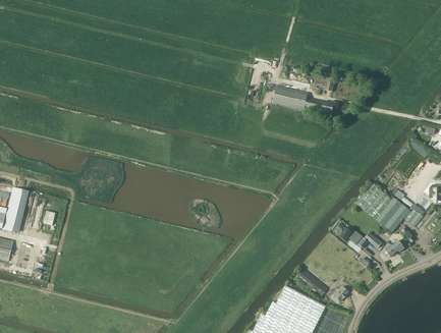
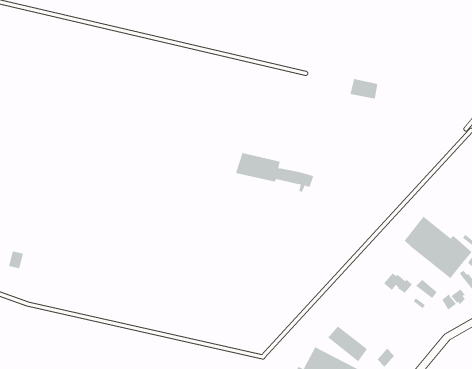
building: [272,86,334,117] -> [235,152,314,193]

